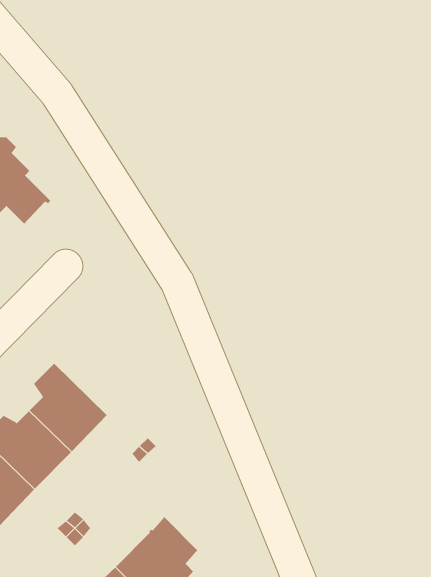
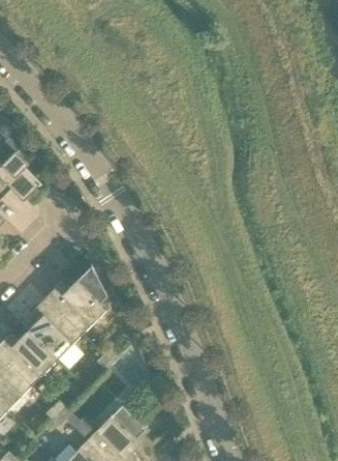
building: none -> [43,263,107,335]

